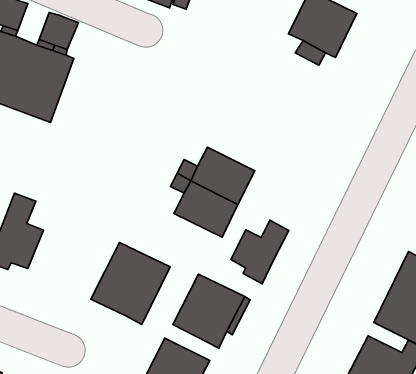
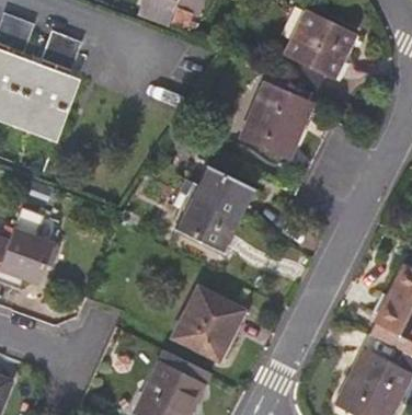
building: none -> [241,82,311,157]
building: [231,220,289,284] -> none
building: [91,242,170,325] -> none

